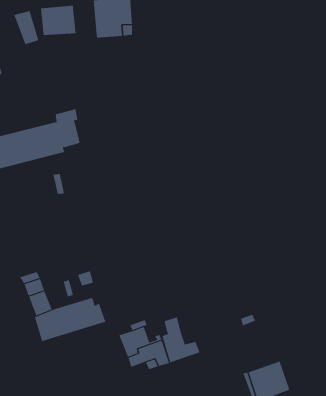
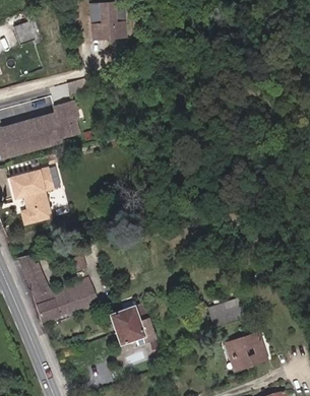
building: [41,5,76,36] -> none
building: none -> [9,167,52,222]
building: [162,317,200,363] -> none
building: none -> [206,303,241,329]

